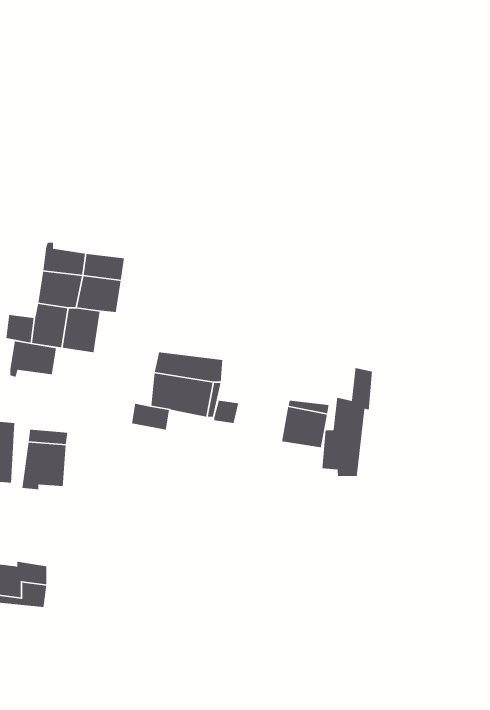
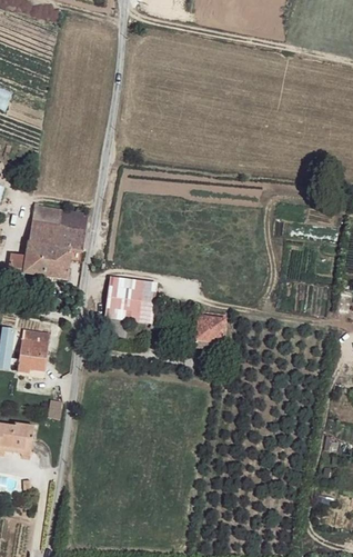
building: [10,340,57,378] -> none
building: [322,367,373,477] -> none

